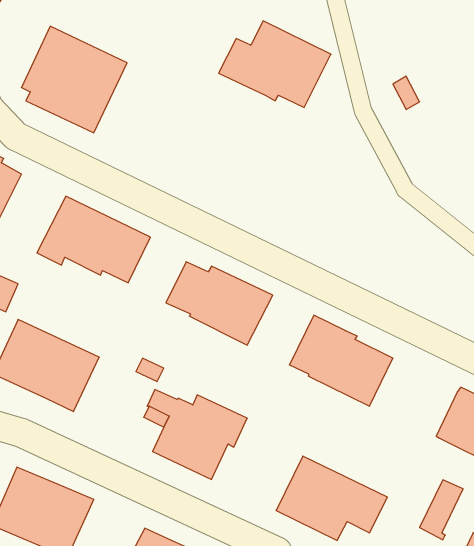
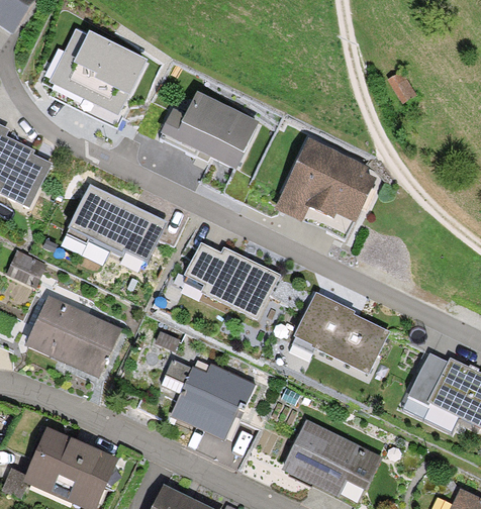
building: [219,21,331,107] -> [157,91,259,170]
building: none -> [274,138,373,237]
building: [420,480,463,540] -> [407,352,447,407]

